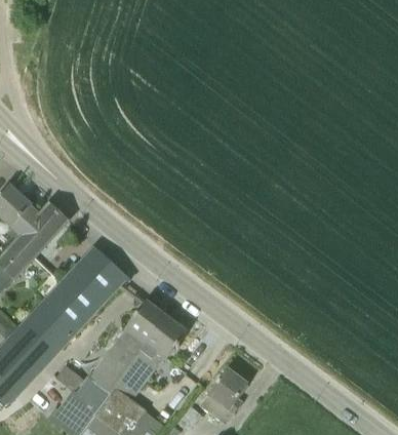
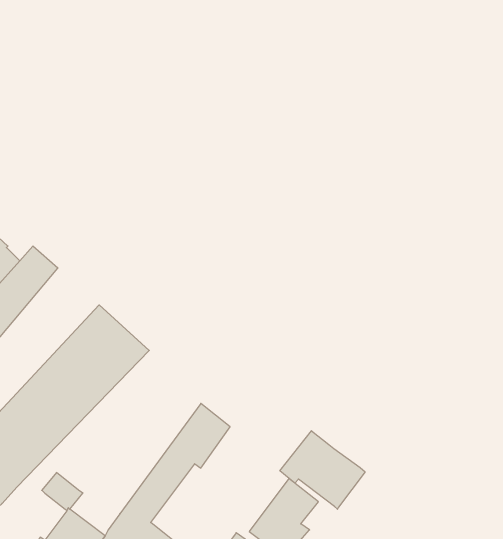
building: [88,301,165,392] -> none
building: none -> [280,431,365,509]

